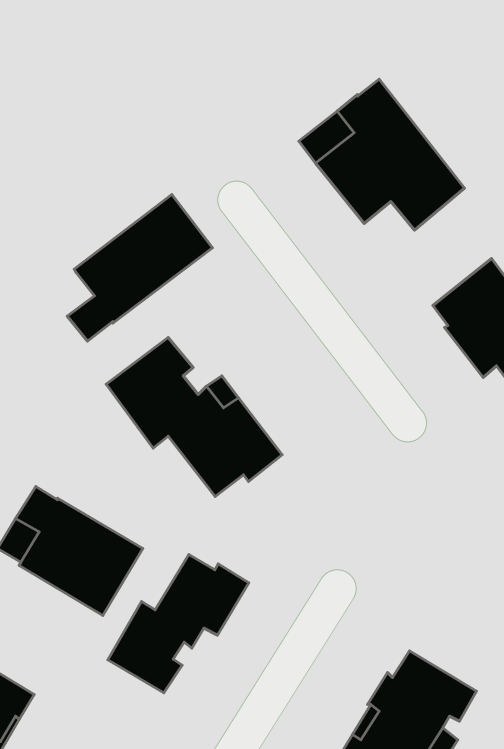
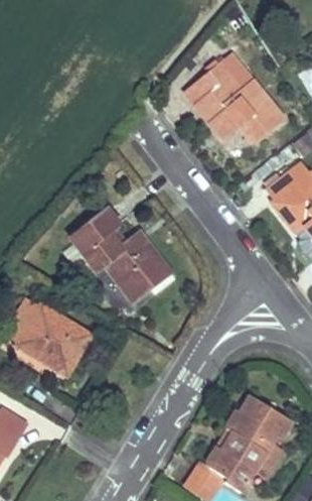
building: [67,195,212,341] -> none
building: [108,555,249,693] -> none

